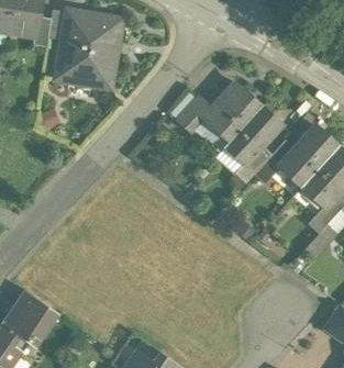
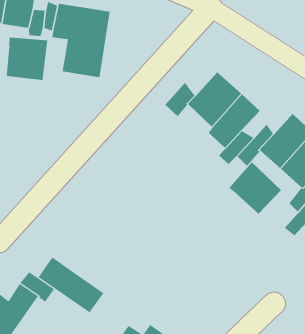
building: none -> [6,37,48,81]
building: none -> [229,162,282,215]
building: none -> [38,257,104,313]

